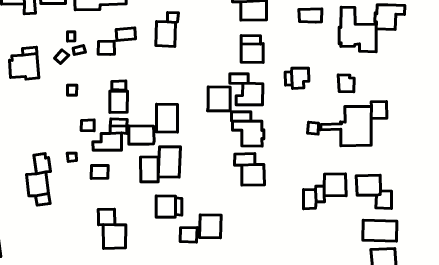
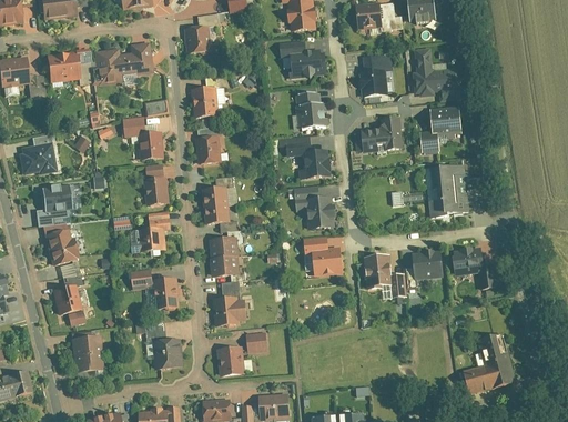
building: [375,5,405,29] -> none
building: none -> [359,70,387,98]
building: none -> [140,132,163,159]
building: none -> [429,105,462,133]
building: none -> [381,117,403,150]
building: none -> [195,135,221,163]
building: [207,87,230,111] -> none
building: none -> [37,184,74,227]
building: [129,126,154,144] -> none
building: none -> [44,230,79,265]
building: [141,157,158,182] -> [154,277,179,309]
building: none -> [363,254,392,288]
building: [200,215,221,238] -> [216,346,244,376]
building: none -> [71,335,104,372]
building: [363,220,397,241] -> none

